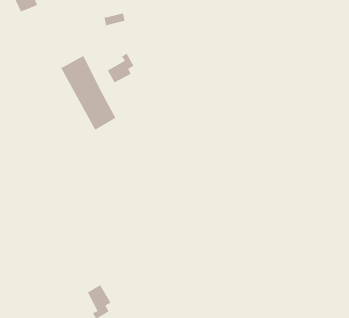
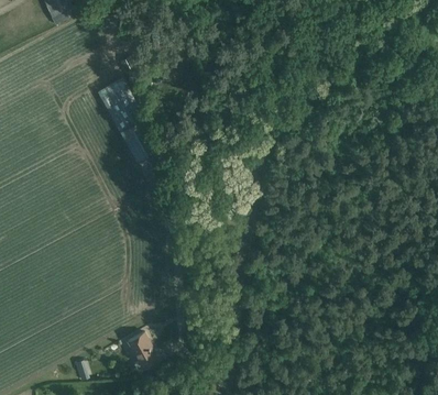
building: [107,53,135,84] -> none

